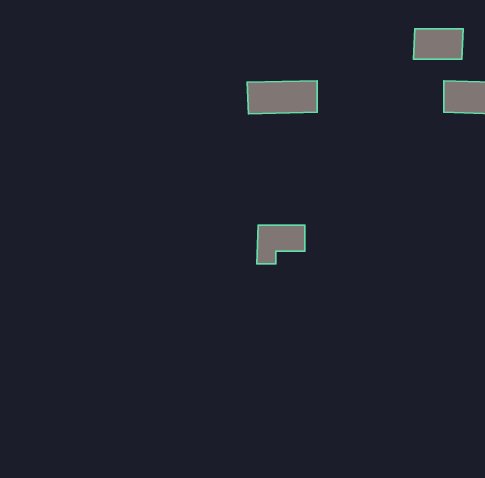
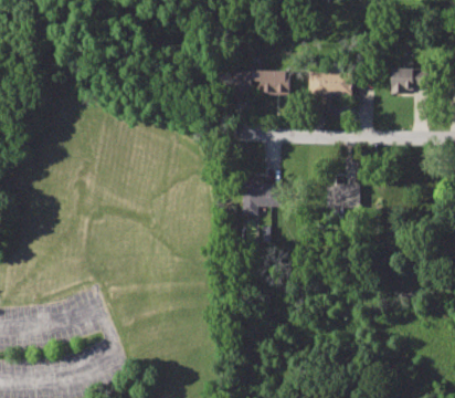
building: [414,29,463,59] -> [307,71,347,95]
building: none -> [320,182,362,206]

